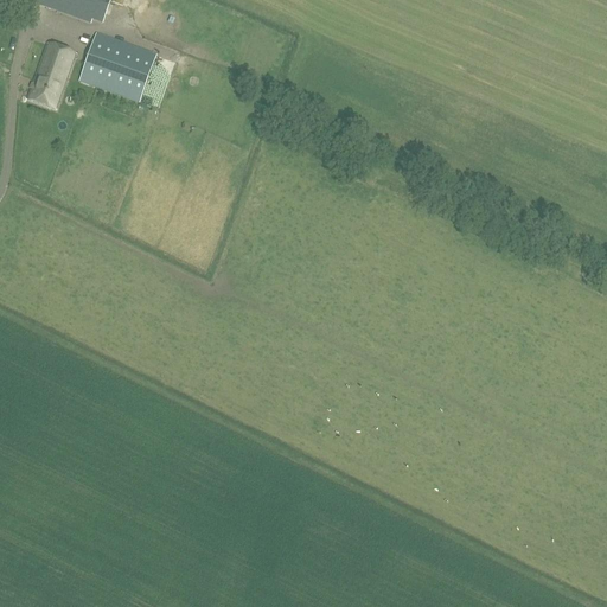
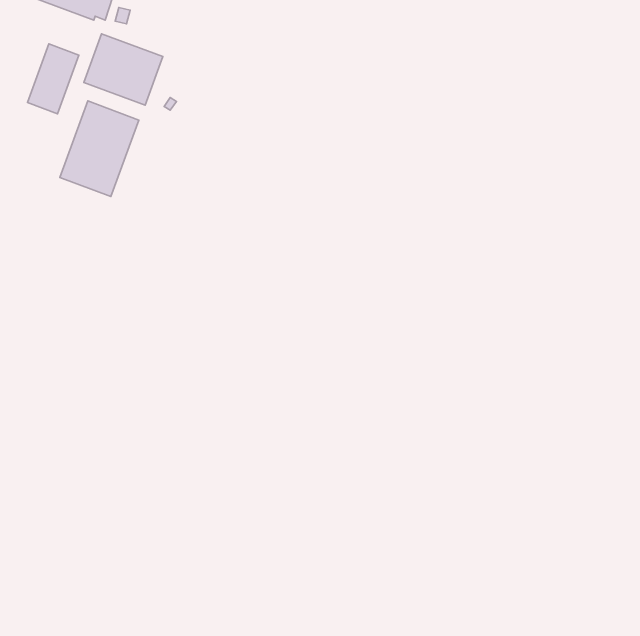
building: none -> [60,101,139,197]

